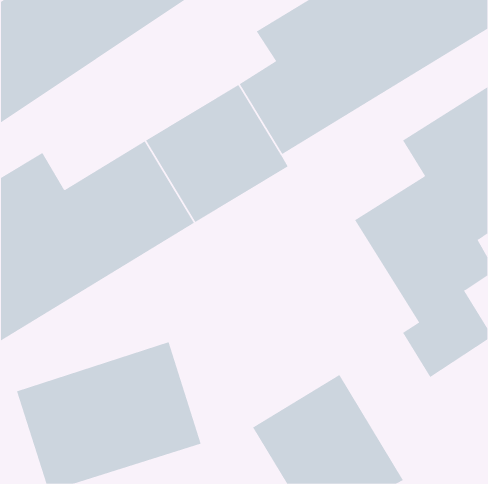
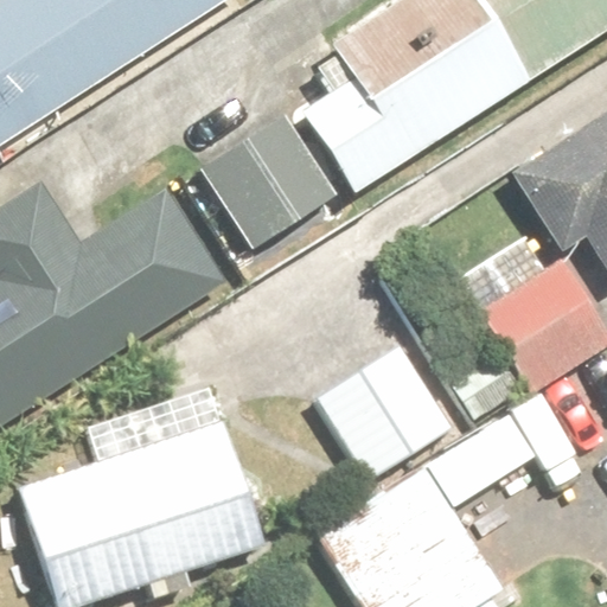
building: none -> [320,349,449,480]

